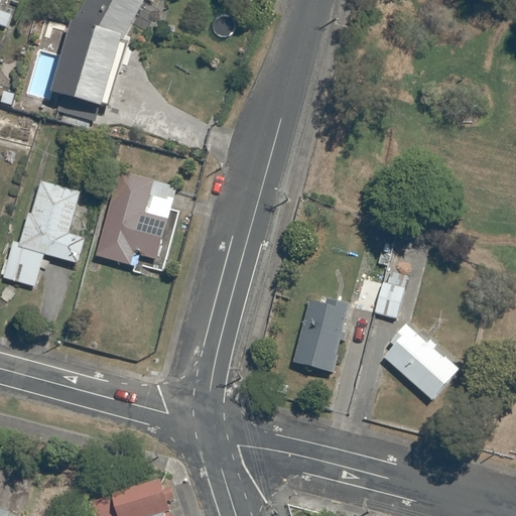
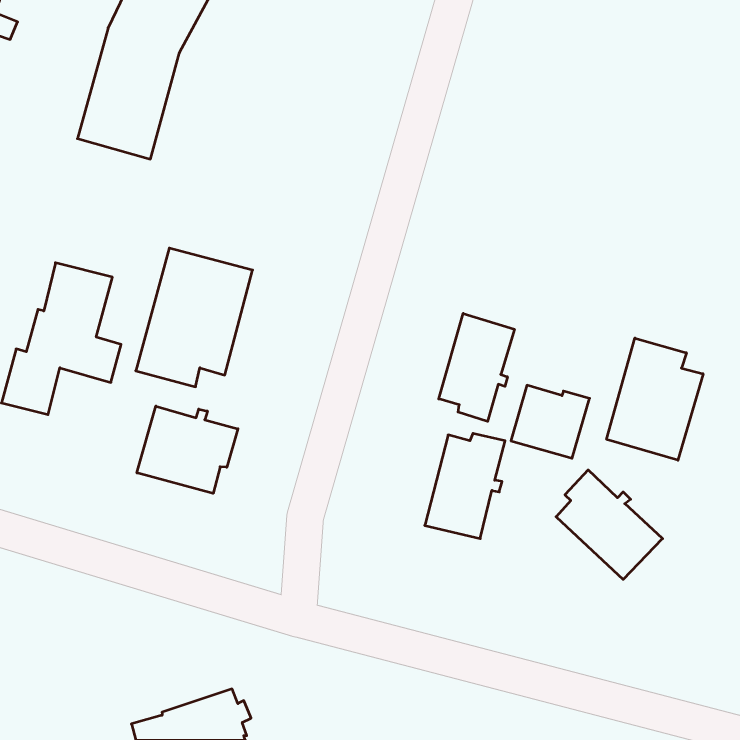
building: none -> [439,313,514,421]
building: none -> [607,338,703,460]
building: none -> [137,406,238,493]

